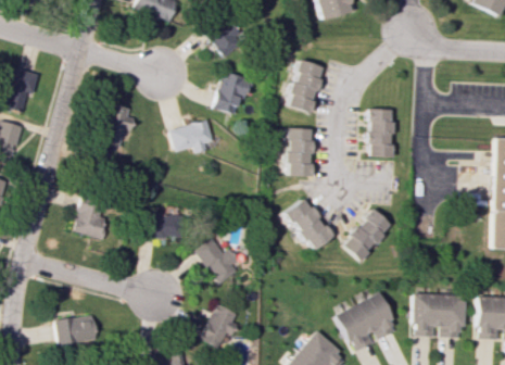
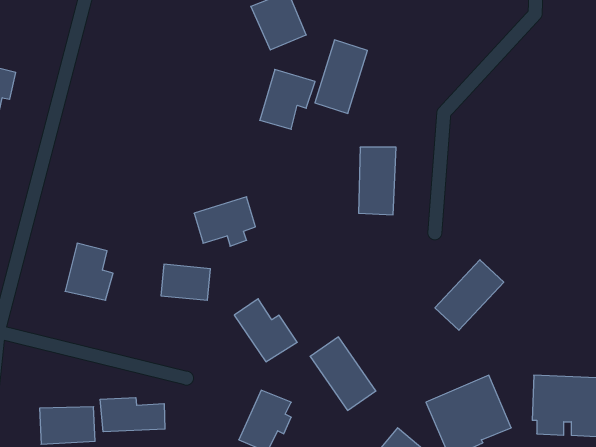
building: [287,60,325,113] -> [315,40,367,113]
building: [101,103,137,148] -> none
building: [369,109,399,156] -> none
building: [171,118,215,154] -> [194,197,255,246]
building: [286,198,333,251] -> [310,337,376,410]
building: none -> [100,398,165,432]

